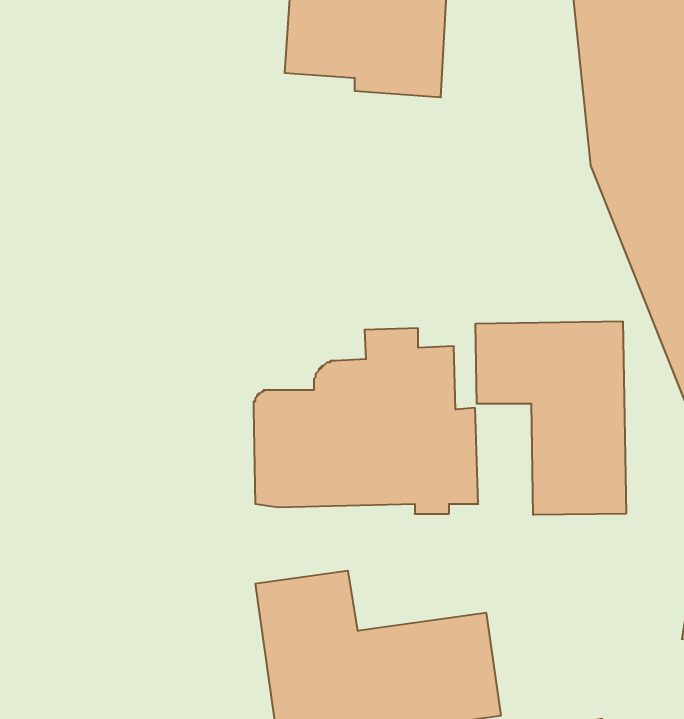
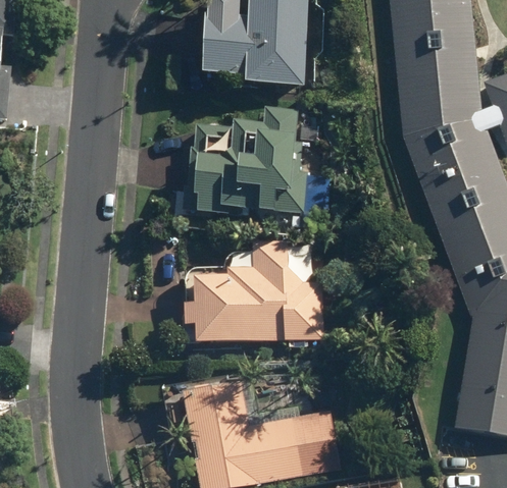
building: none -> [182,103,316,213]
building: [476,321,626,515] -> none

